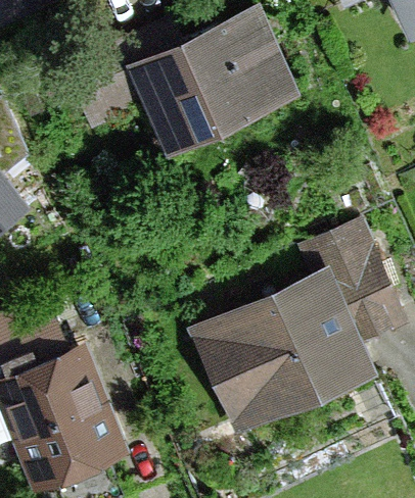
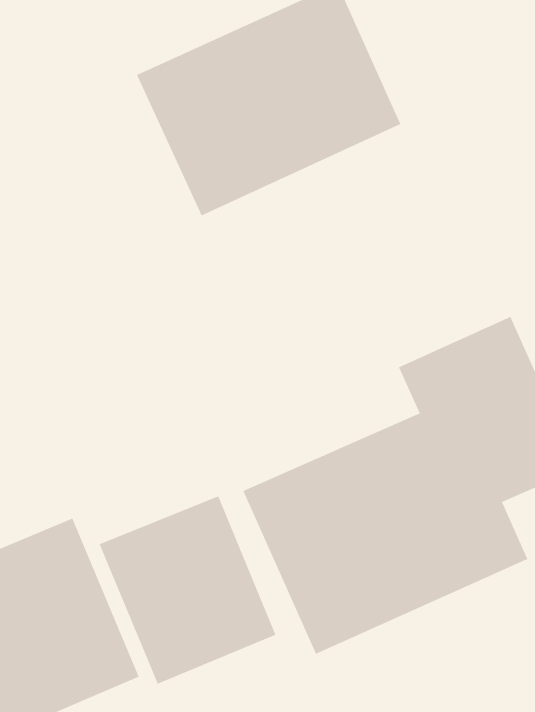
building: none -> [99,495,276,685]

